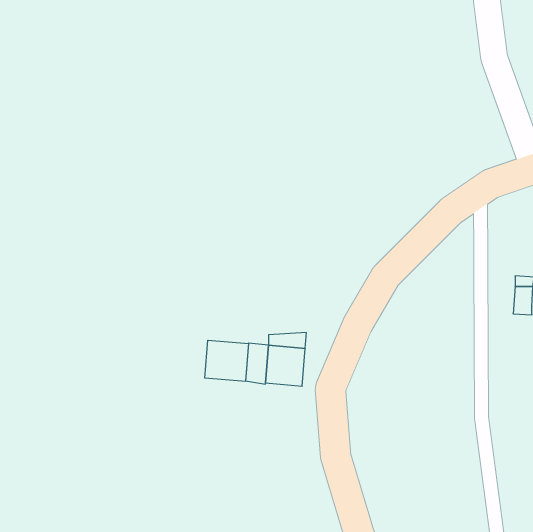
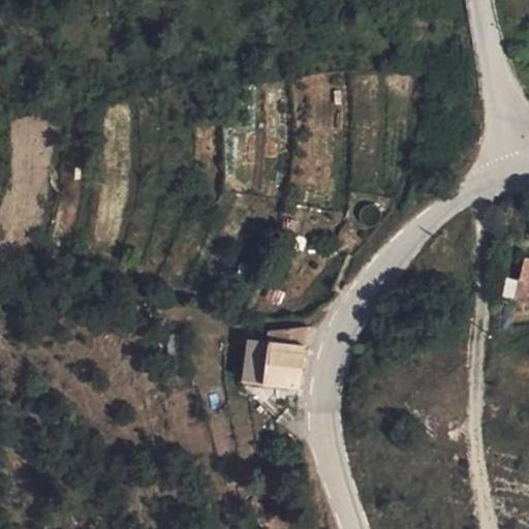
building: [205,340,249,381] -> none

